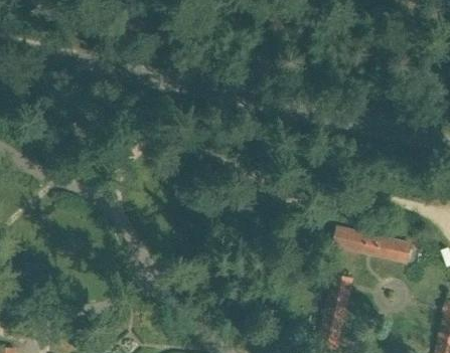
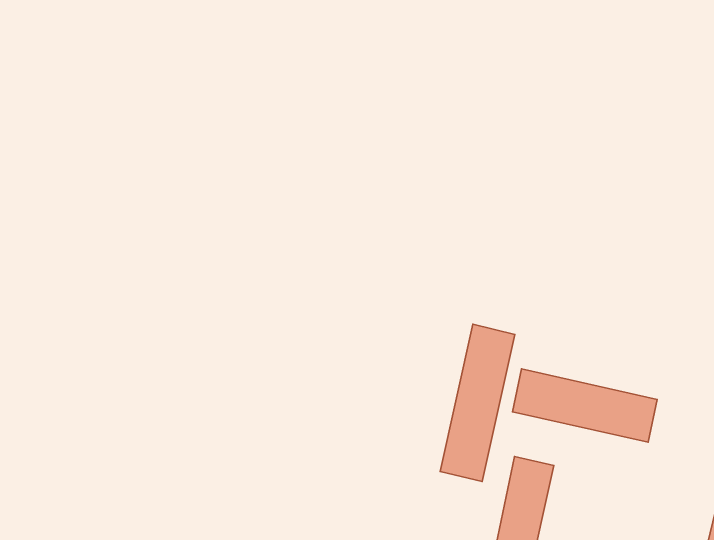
building: none -> [440,324,515,482]

